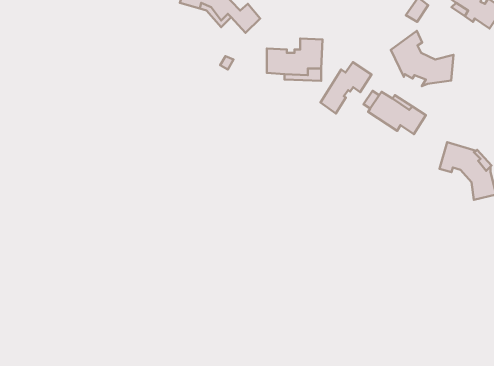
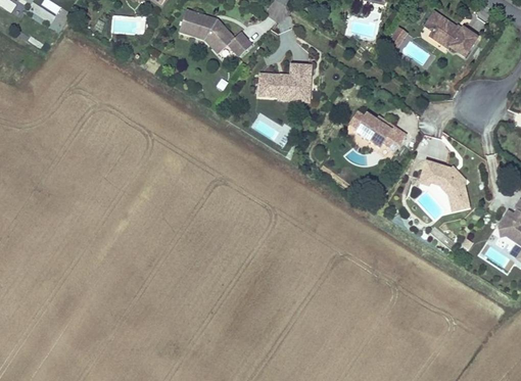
building: [391,31,454,86] -> none
building: [320,62,372,114] -> none

